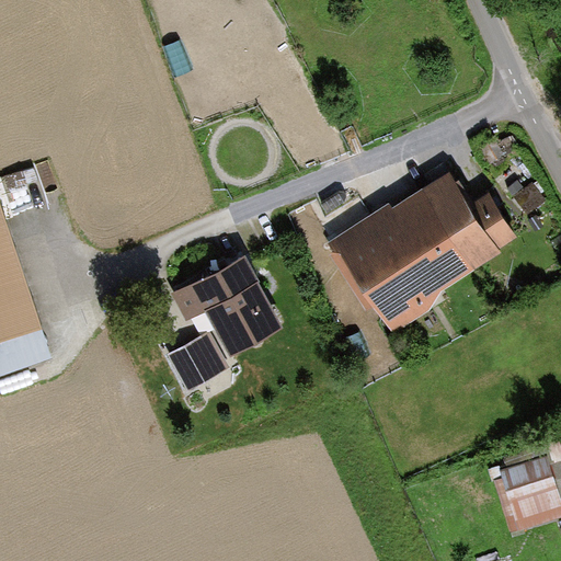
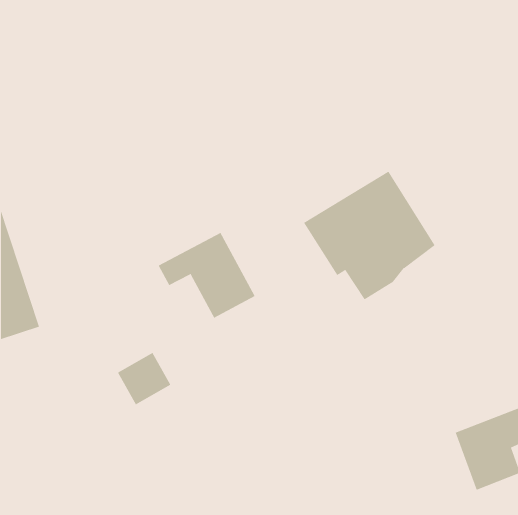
building: [421,174,515,270] -> none
building: [168,333,226,390] -> [117,352,171,405]

